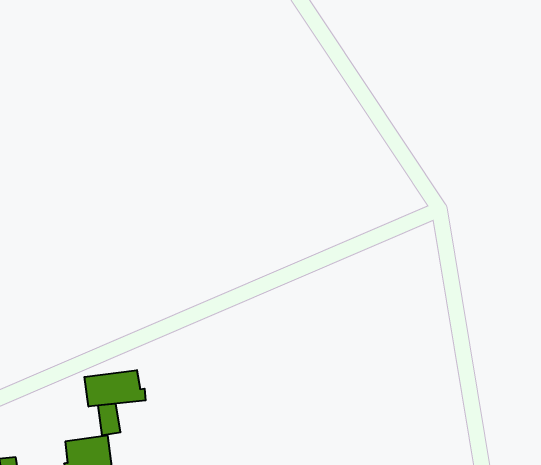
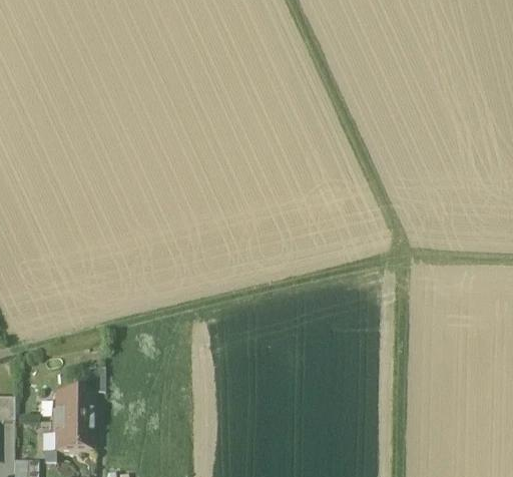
building: [84,370,146,407] -> none

